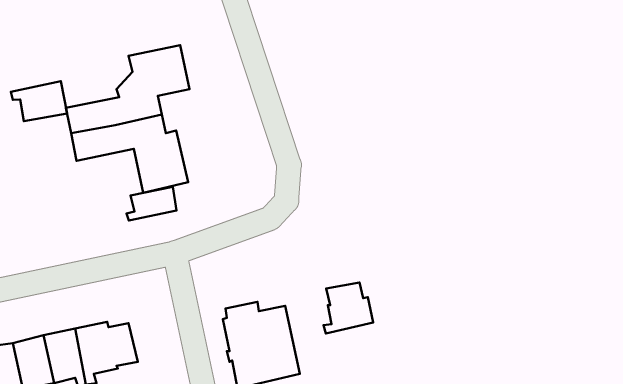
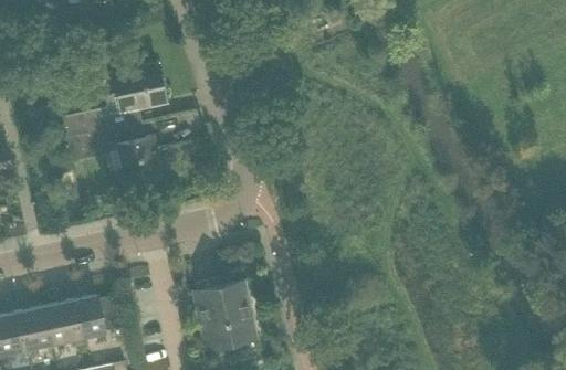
building: [11,81,67,121] -> none
building: [127,187,177,220] -> none
building: [323,282,373,333] -> none

